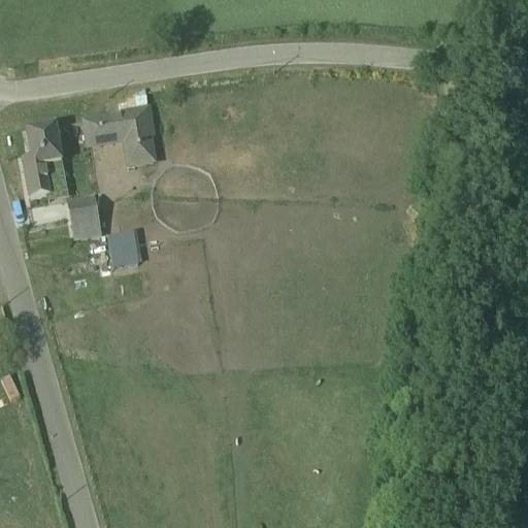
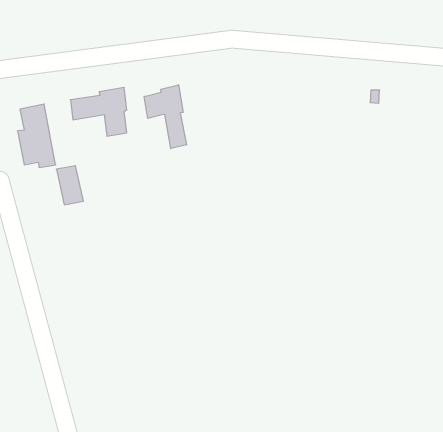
building: none -> [144,85,186,149]
building: [109,225,139,260] -> none

